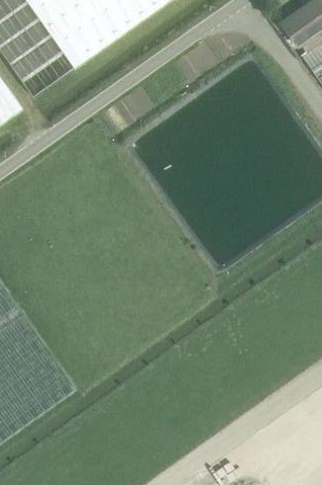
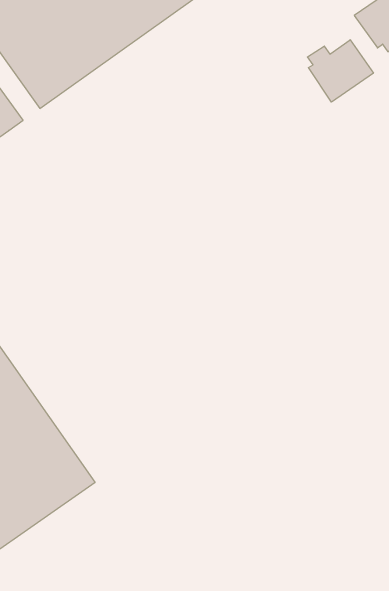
building: none -> [307,40,373,102]

